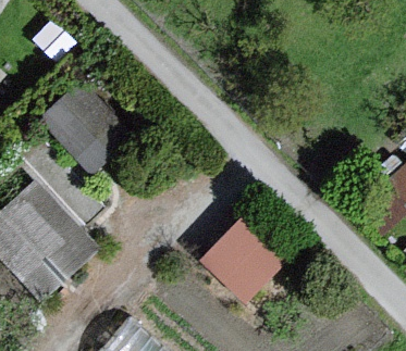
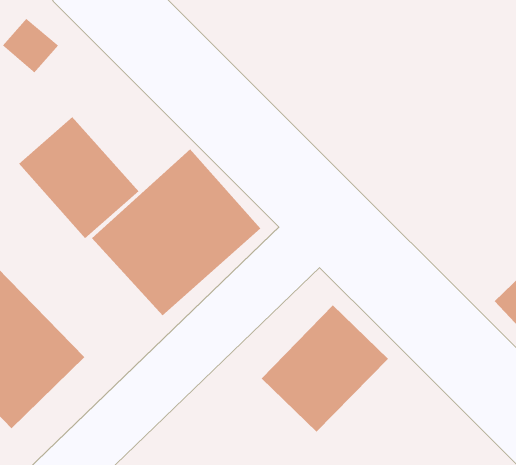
building: none -> [91,149,261,316]

